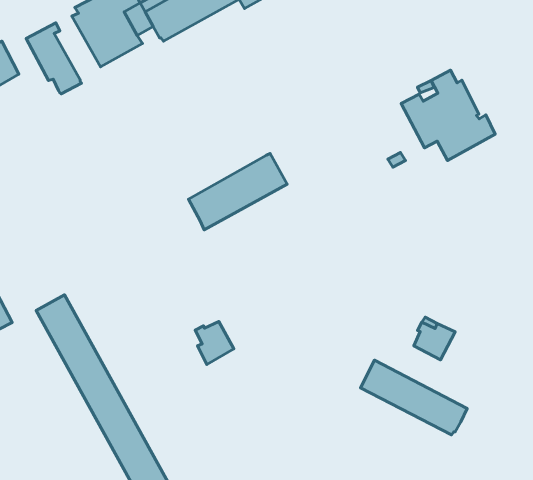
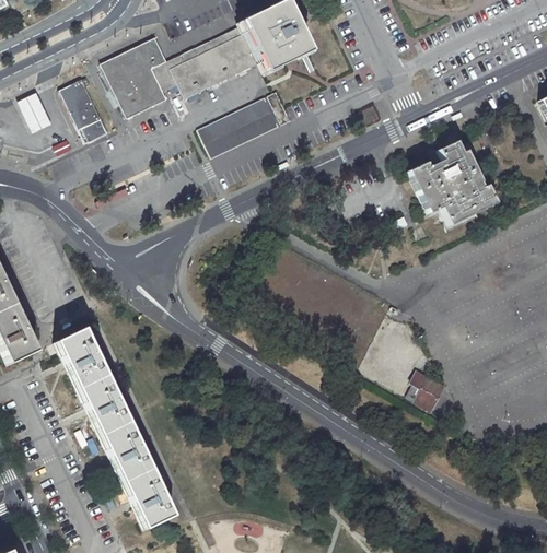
building: [188,154,287,230] -> [201,90,294,157]
building: [195,322,234,364] -> none
building: [360,360,467,435] -> none

